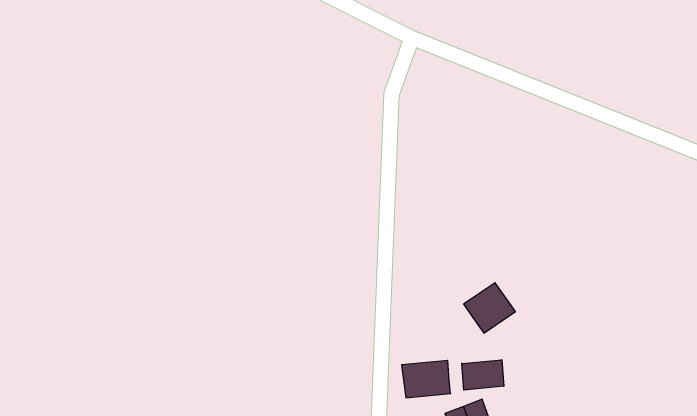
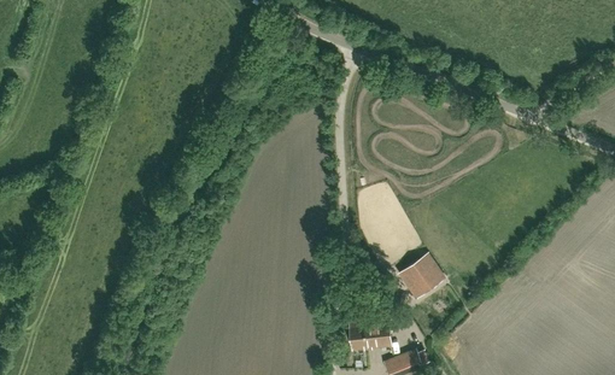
building: [462,360,504,390] -> none

